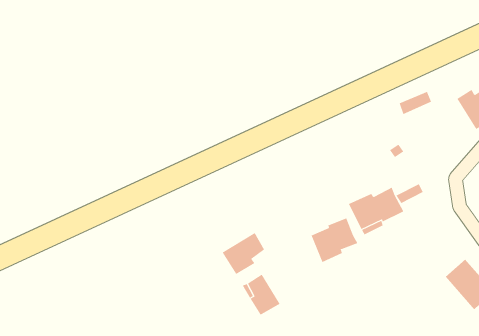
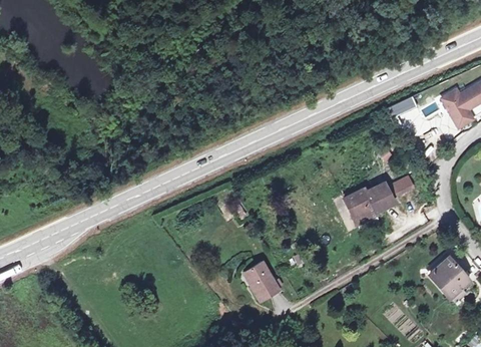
building: [311,218,358,263] -> none
building: [222,232,265,275] -> none

